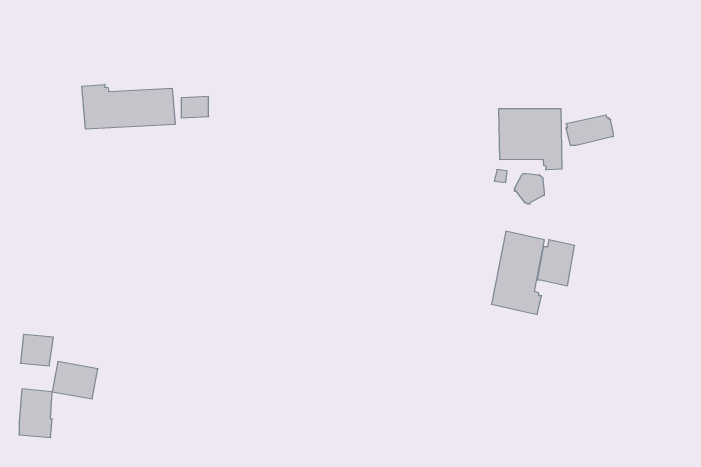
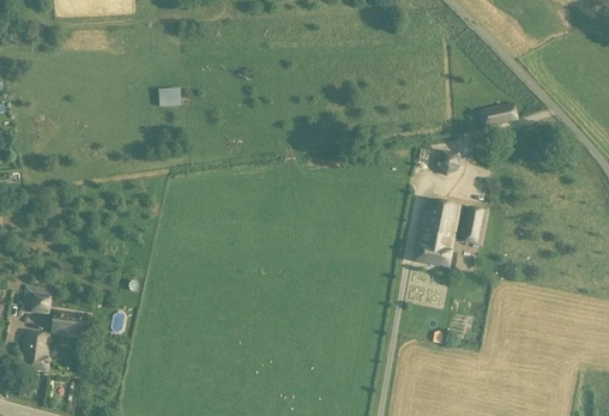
building: [82,84,175,129] -> none
building: [499,109,562,170] -> none

